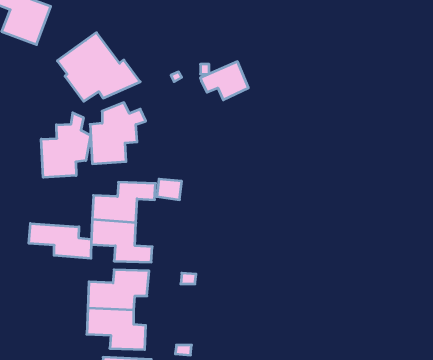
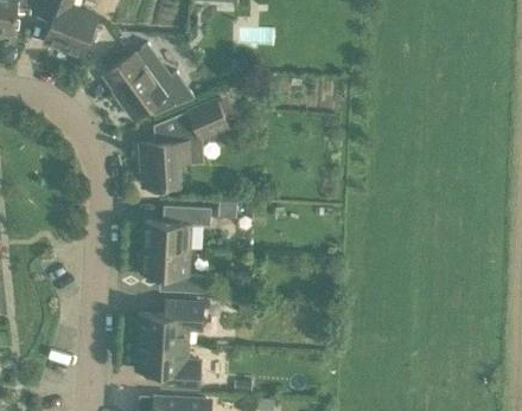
building: [200,62,248,100] -> [176,98,228,140]
building: [41,113,91,177] -> none
building: [29,223,91,258] -> none

